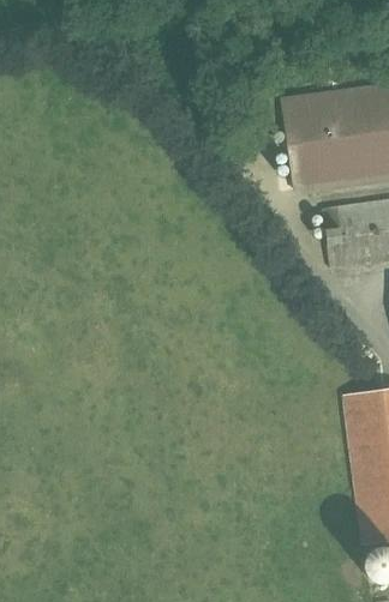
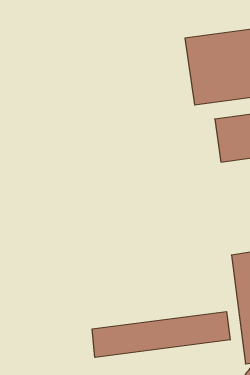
building: none -> [92,312,230,357]

